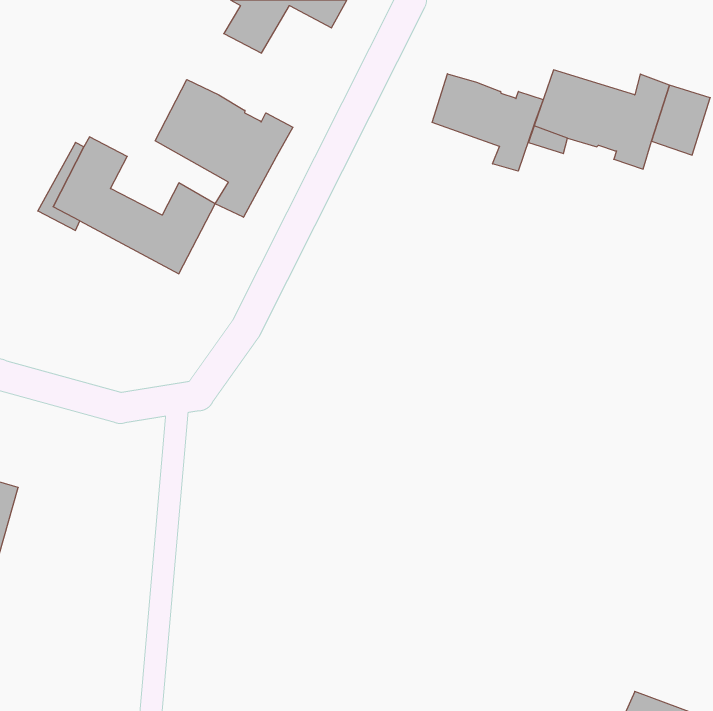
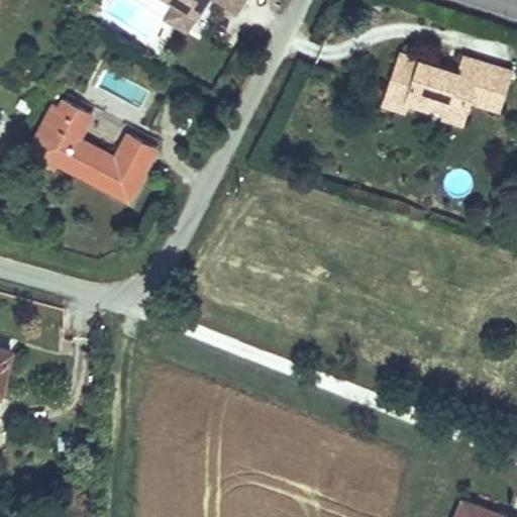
building: [432,74,543,171] -> none
building: [155,80,293,217] -> none

